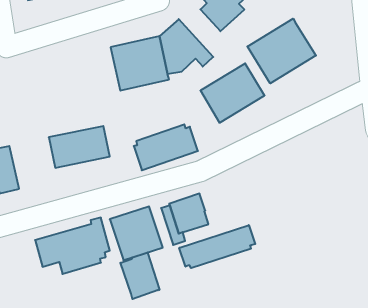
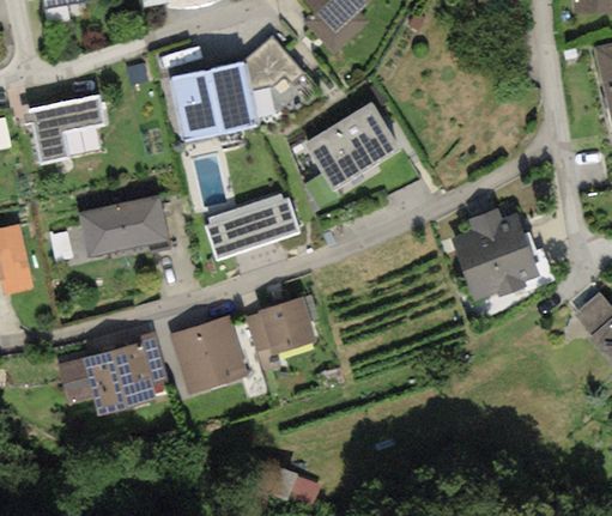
building: [247,19,316,83] -> none
building: none -> [24,96,105,163]
building: none -> [452,207,540,302]
building: [179,225,255,268] -> none
building: [120,252,159,299] -> none

